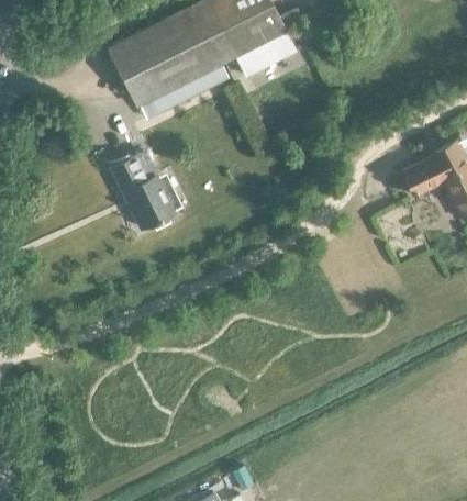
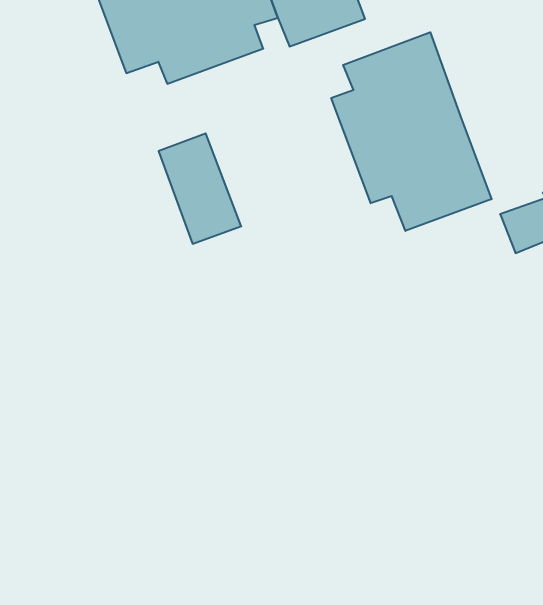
building: none -> [331,32,492,231]
building: [113,153,175,229] -> [159,133,241,244]

